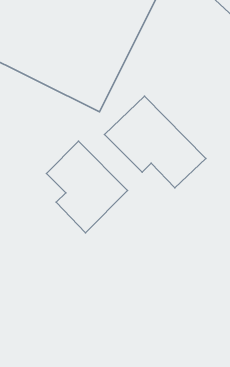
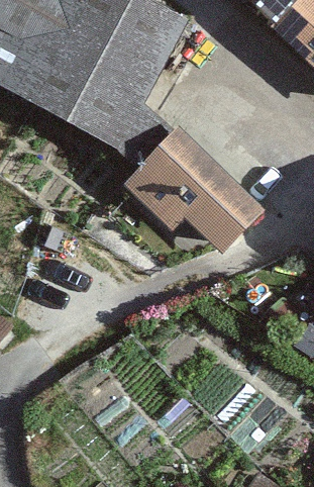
building: [46,141,127,233] -> none

